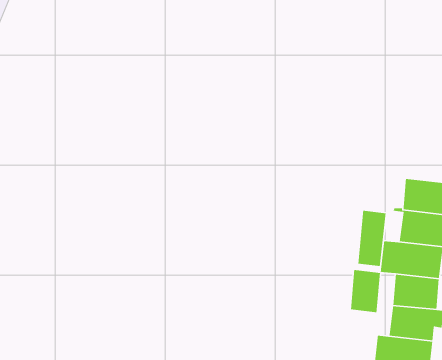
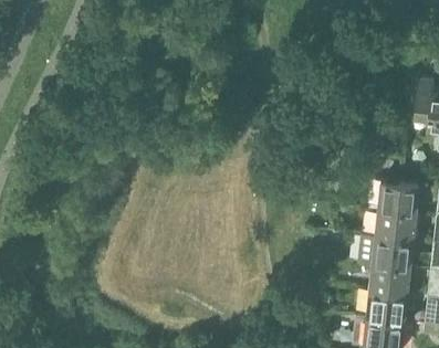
building: [357,210,387,267] -> none
building: [350,269,381,313] -> none

